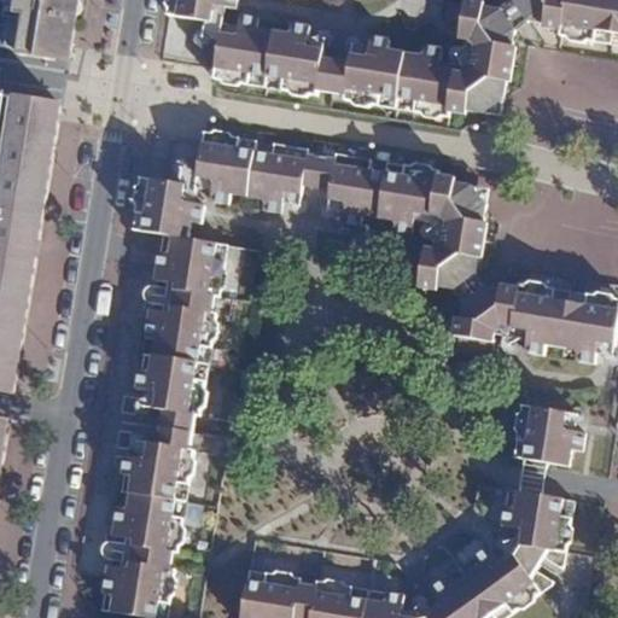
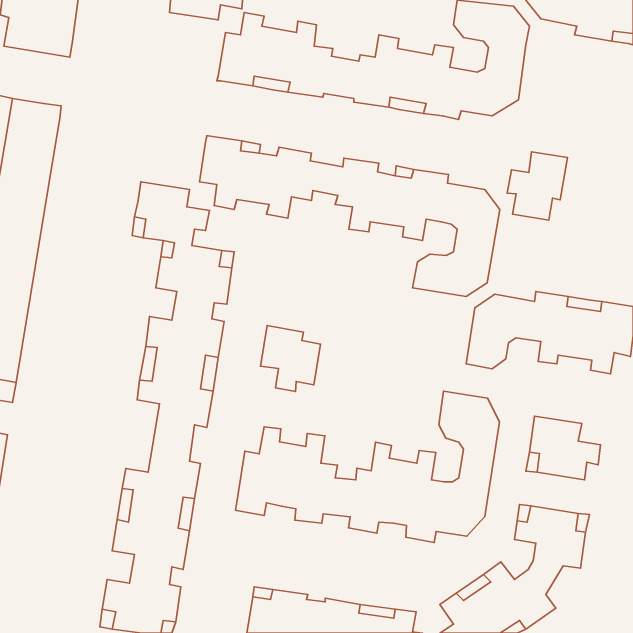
building: none -> [507,152,568,220]
building: none -> [261,326,320,392]
building: none -> [236,391,499,542]

